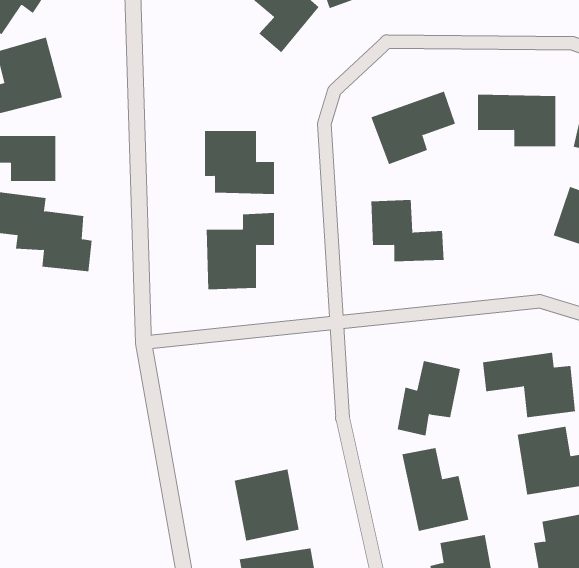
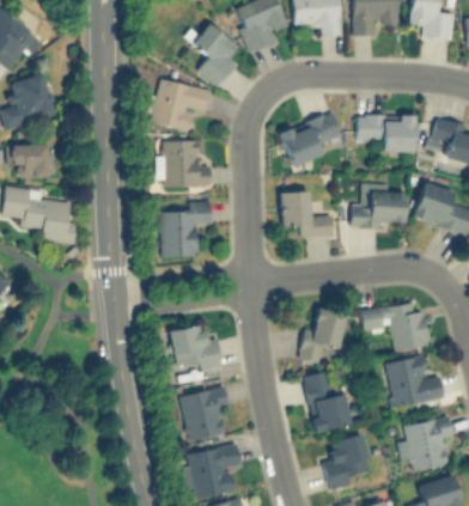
building: none -> [150,79,209,132]
building: none -> [352,185,406,228]
building: none -> [170,325,221,371]

